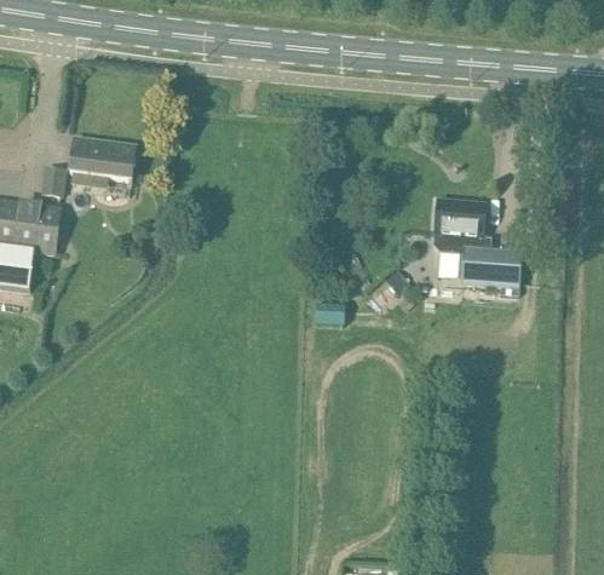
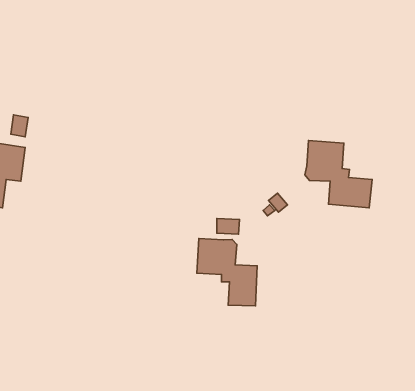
building: [69,137,134,178] -> none
building: none -> [197,239,257,306]

